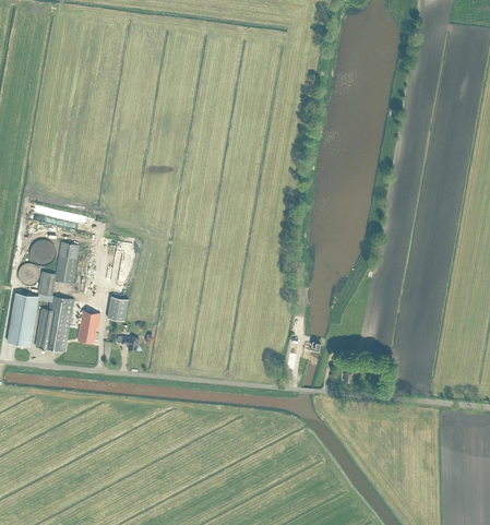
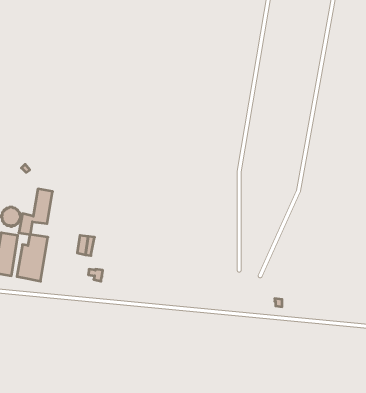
building: [29,240,56,265] -> none
building: [76,310,99,344] -> none

